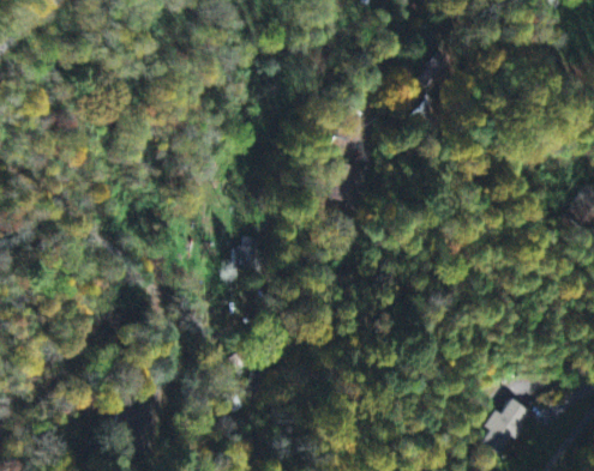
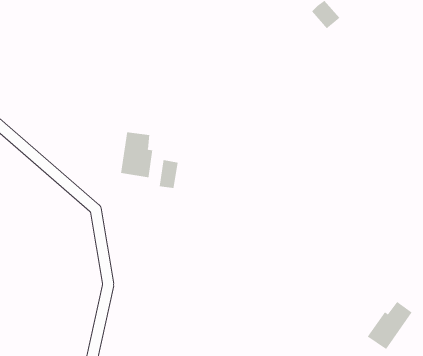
building: none -> [120,132,153,178]

